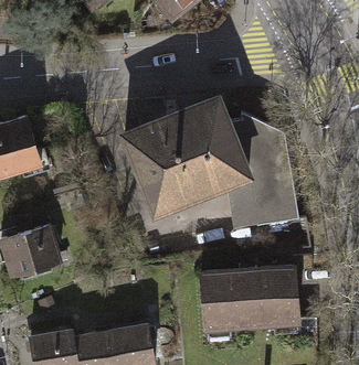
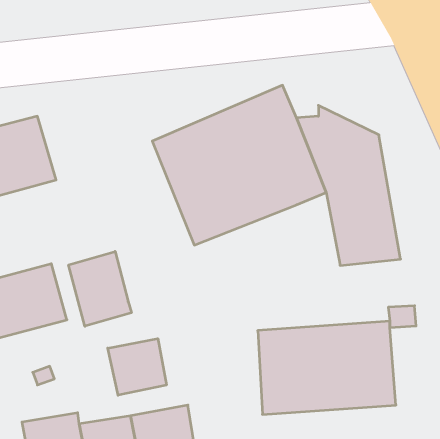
building: [223,174,254,228] -> none
building: none -> [69,251,131,326]
building: none -> [108,339,166,395]

